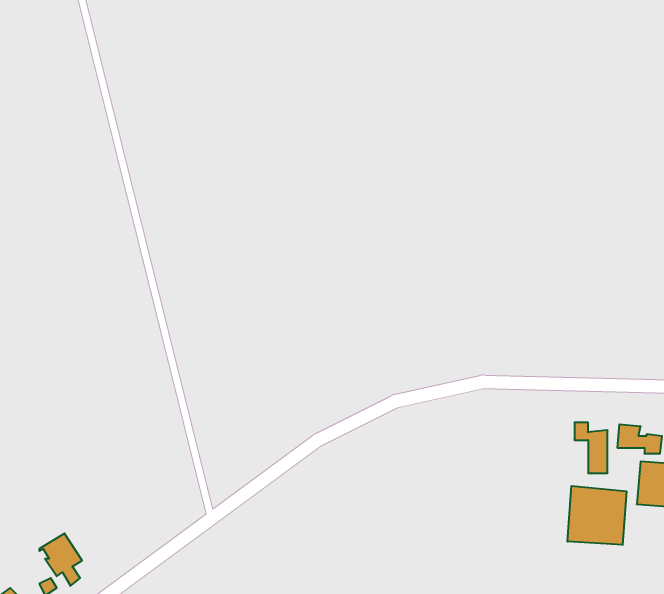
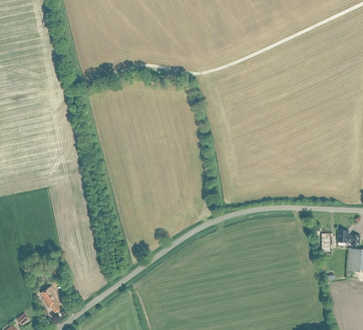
building: [567,486,626,545] -> none

